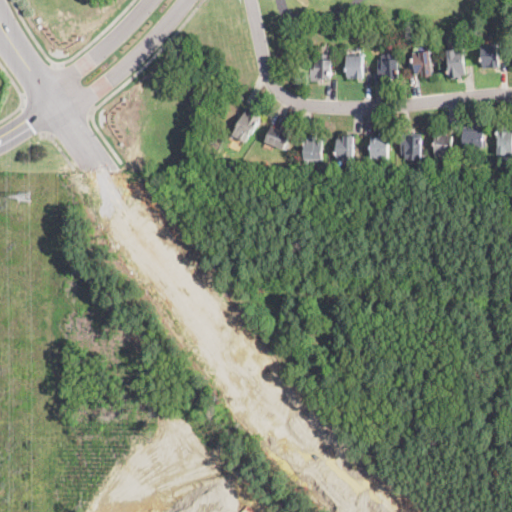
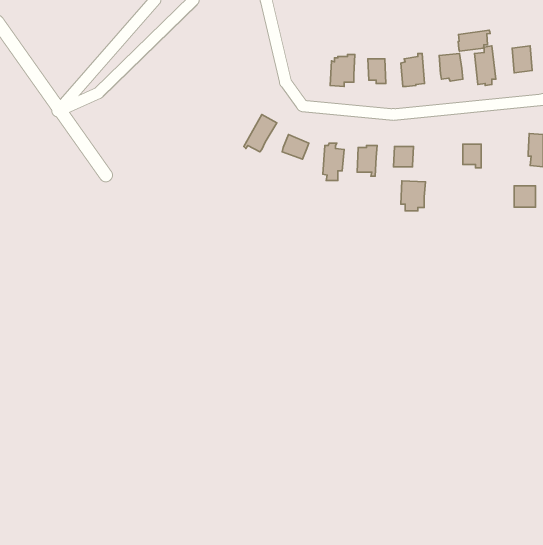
building: none -> [458,30,490,51]
building: [462,127,482,147] -> [514,186,536,207]
building: [398,132,421,160] -> [401,181,425,211]

